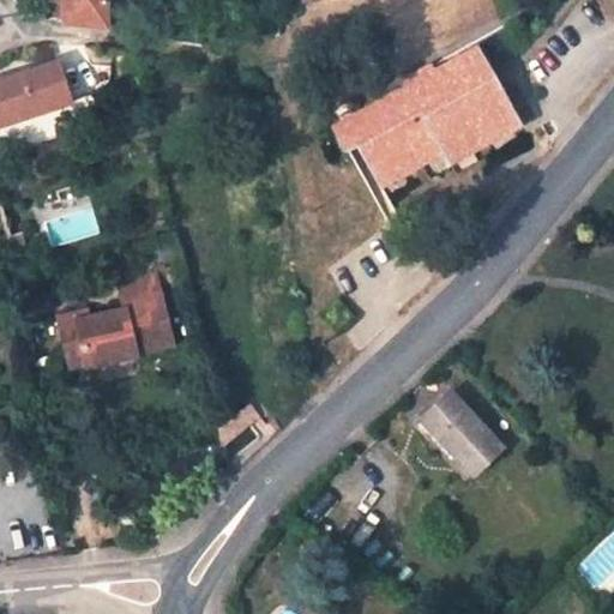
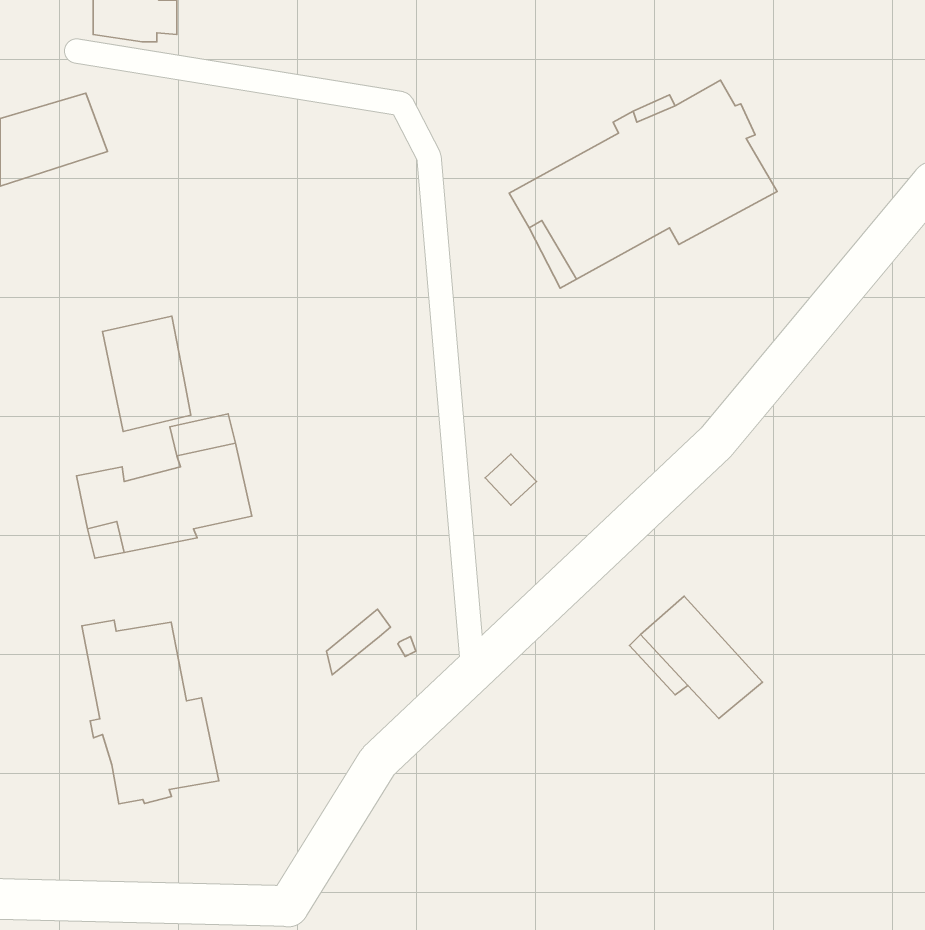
building: none -> [103,316,191,432]
building: none -> [82,620,219,804]

